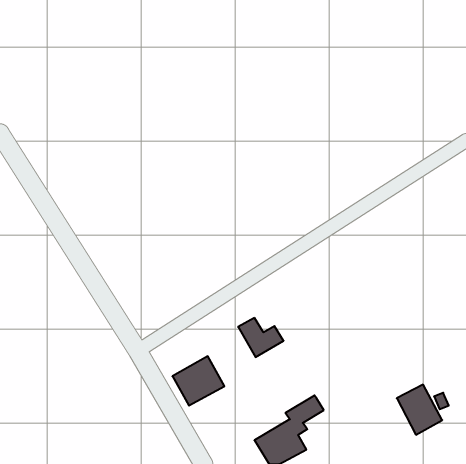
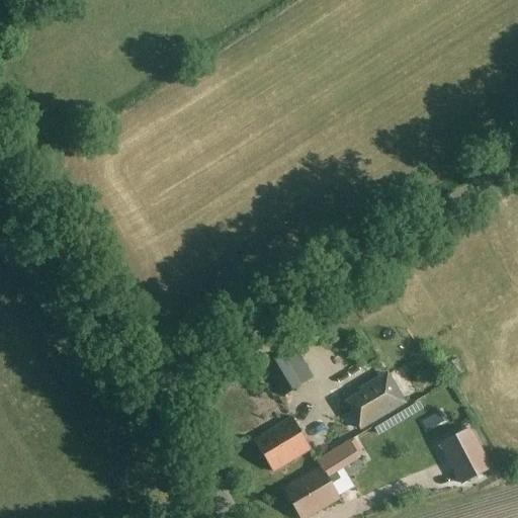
building: none -> [349,381,406,427]
building: [172,356,224,406] -> [254,415,312,469]

